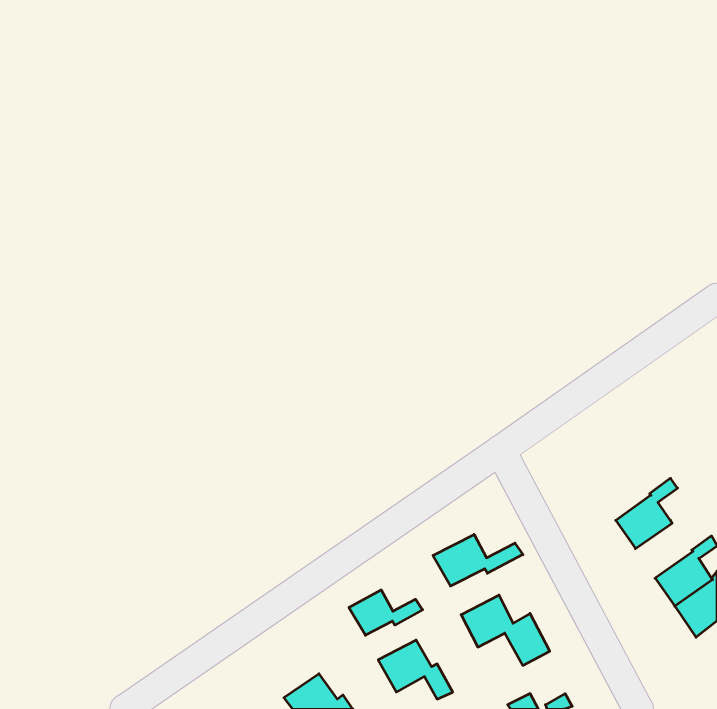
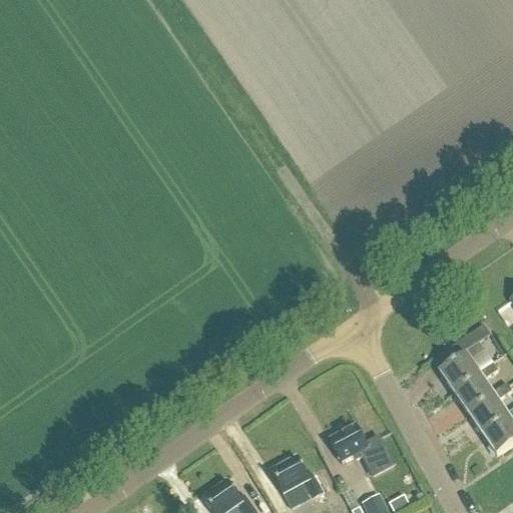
building: none -> [453,361,498,412]
building: [433,534,523,586] -> none
building: [349,590,423,635] -> none

